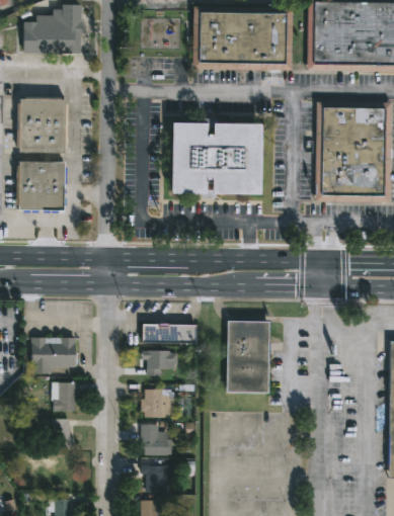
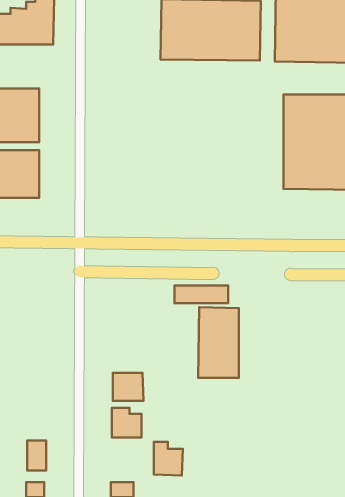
building: [175,124,258,194] -> none
building: [142,324,196,342] -> [174,285,228,303]
building: [31,335,75,371] -> none
building: [143,348,177,372] -> none
building: [52,380,76,409] -> none
building: [50,417,71,446] -> none
building: [141,456,170,491] -> [154,442,183,476]

